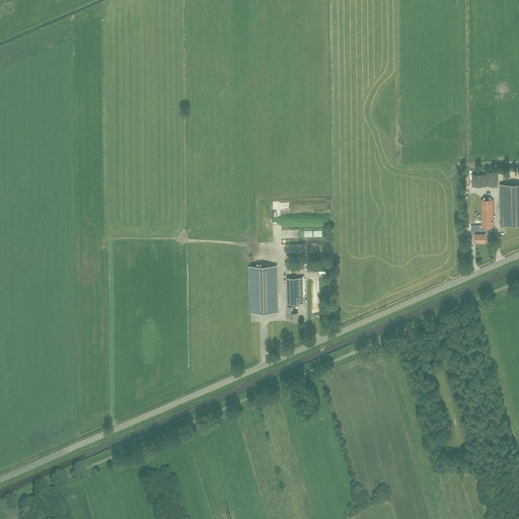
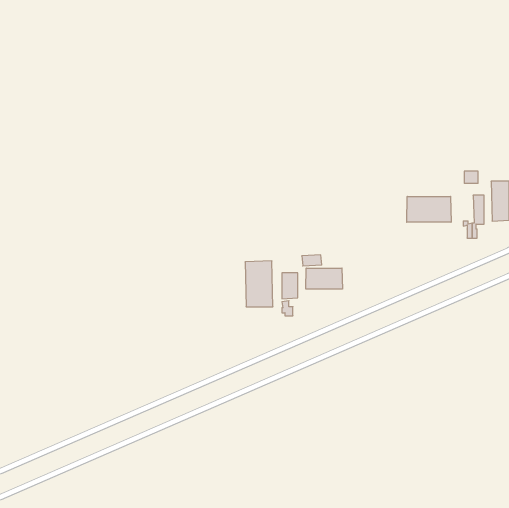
building: none -> [407,196,451,222]
building: none -> [306,268,342,289]

